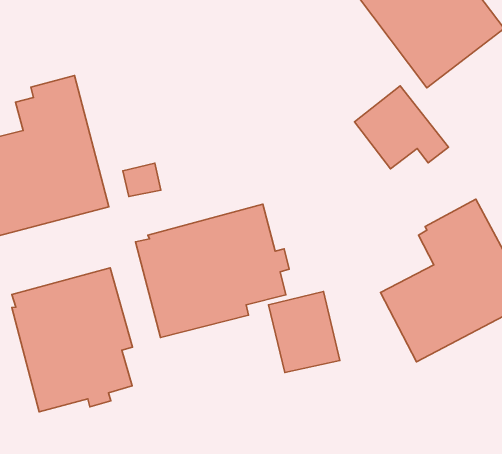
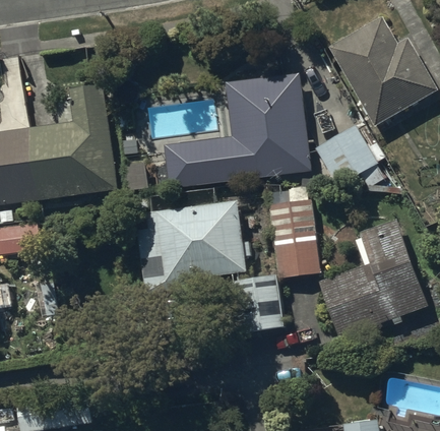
building: none -> [163,72,309,188]
building: none -> [269,198,320,276]
building: [12,268,132,412] -> none

